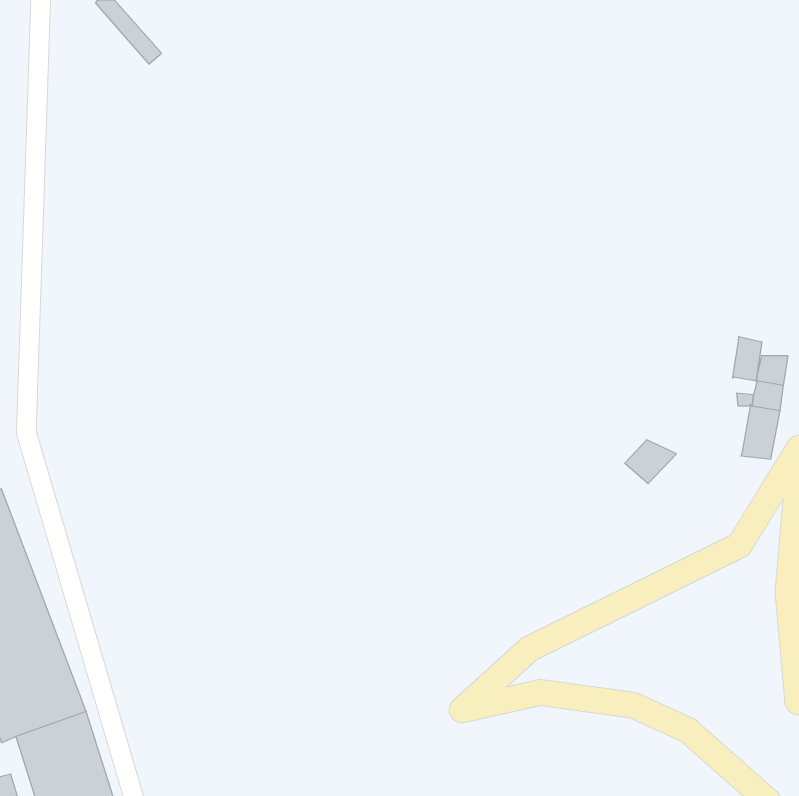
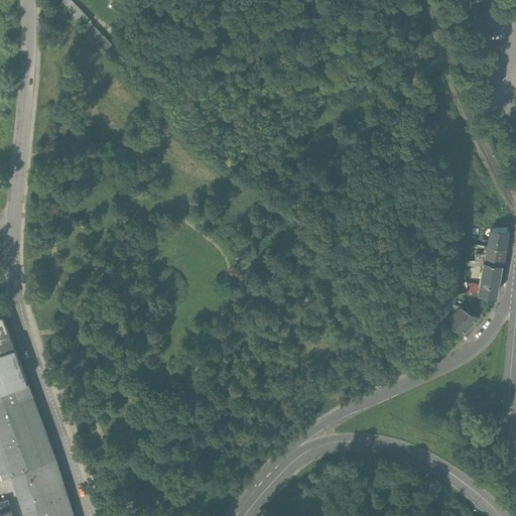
building: [732,336,762,381] -> none
building: [625,440,676,484] -> [445,309,479,338]

